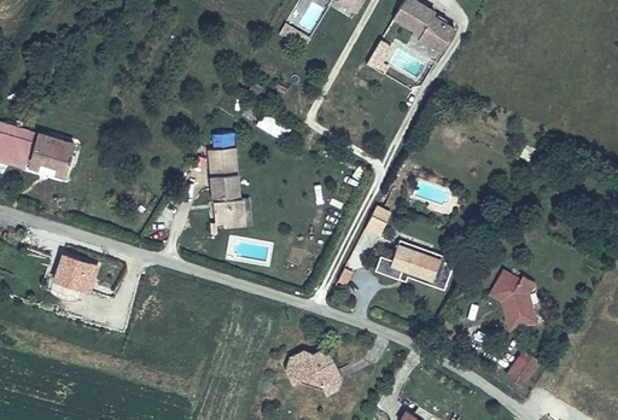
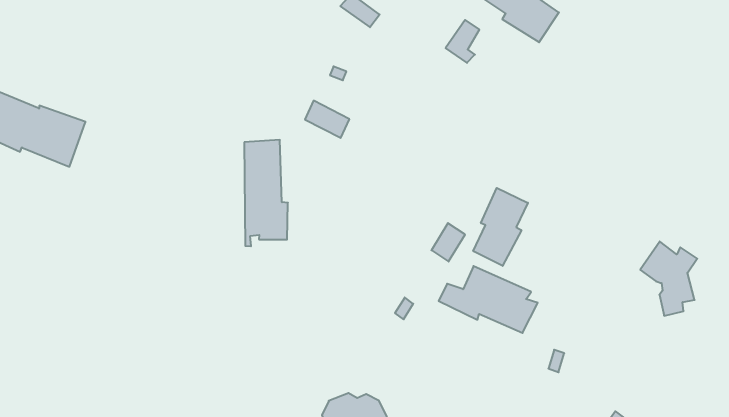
building: none -> [473,188,528,266]
building: [52,253,100,294] -> none
building: [490,270,536,331] -> [640,241,697,316]

